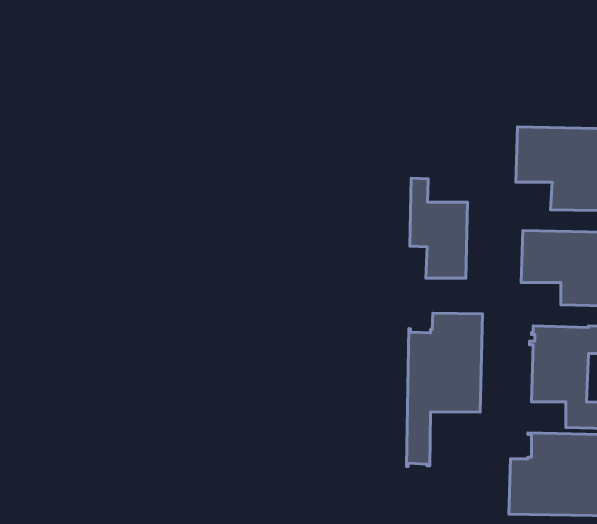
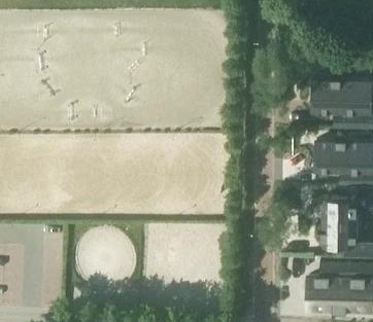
building: [410,178,467,278] -> none
building: [406,313,482,467] -> none

